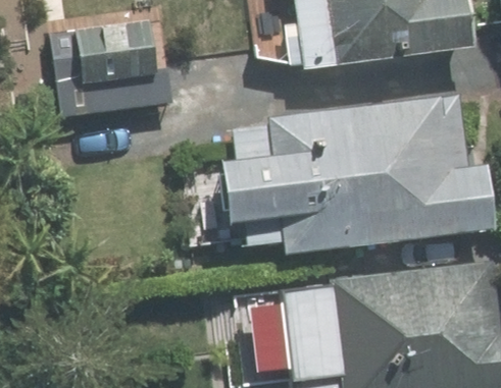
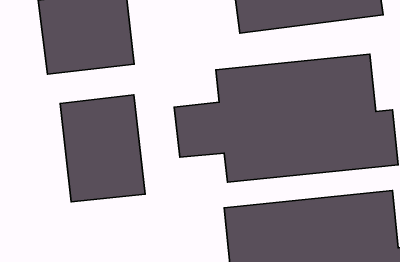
building: none -> [60,95,145,202]

